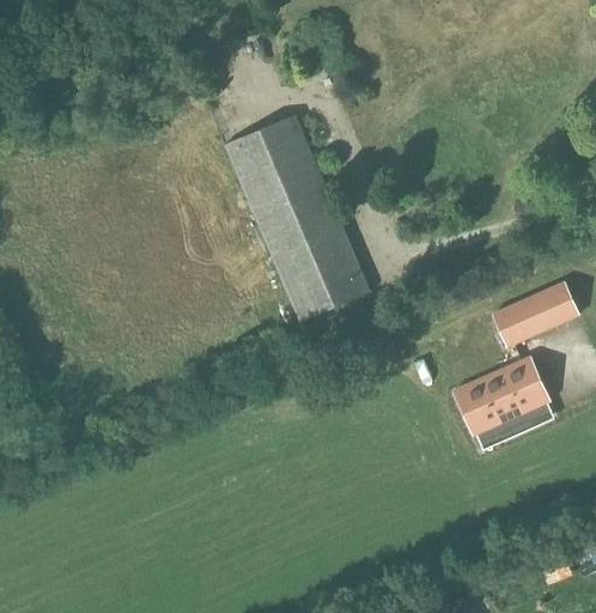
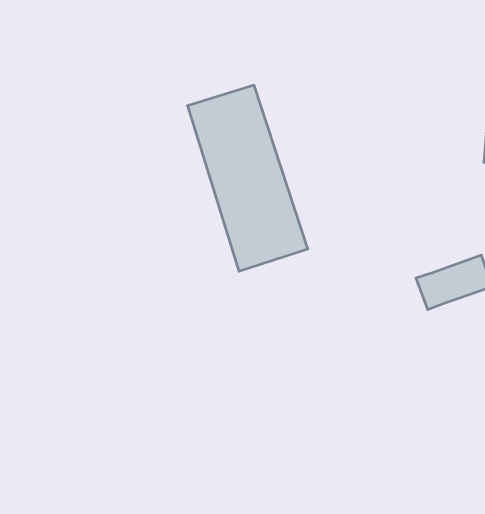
building: [460,364,546,439] -> none

